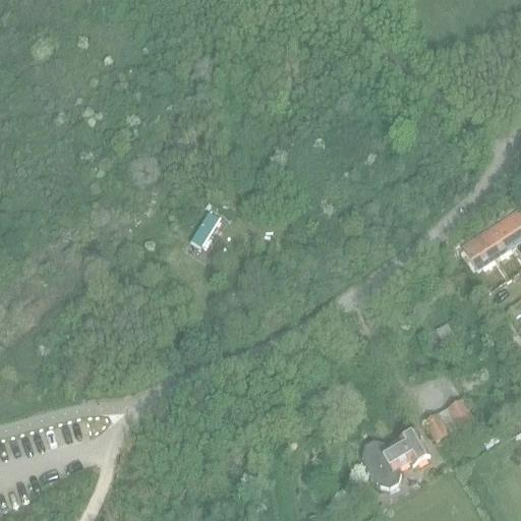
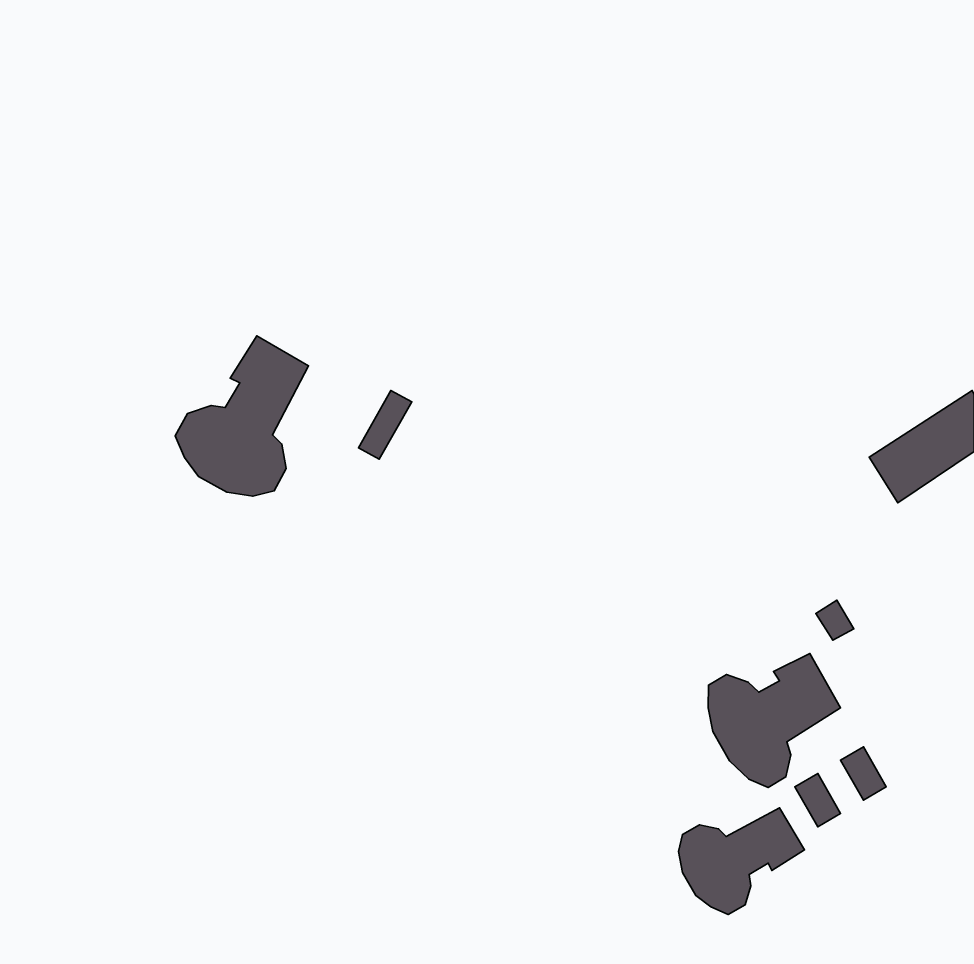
building: none -> [175,336,308,496]
building: none -> [708,653,841,787]

